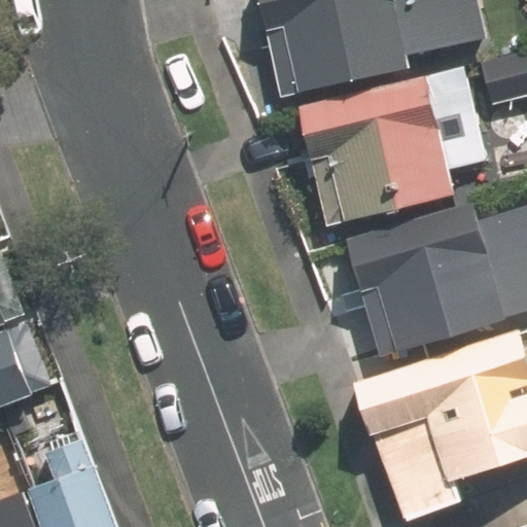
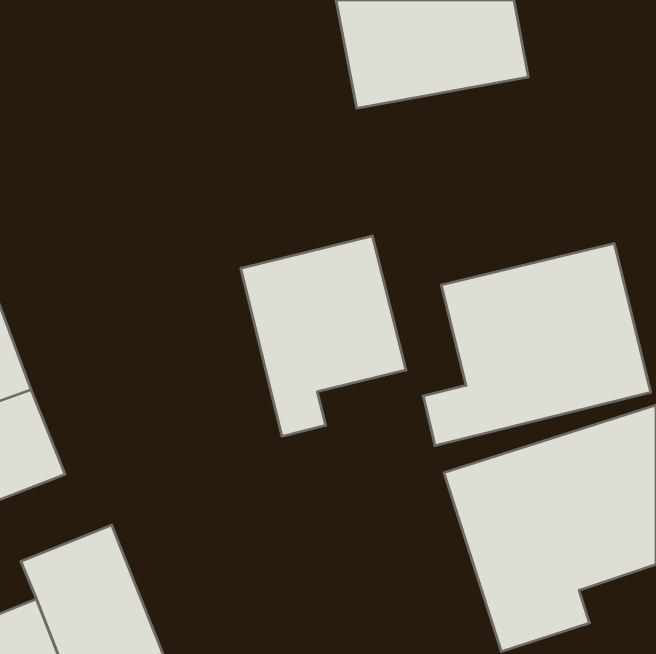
building: [308,73,461,225] -> none
building: none -> [241,236,406,436]

